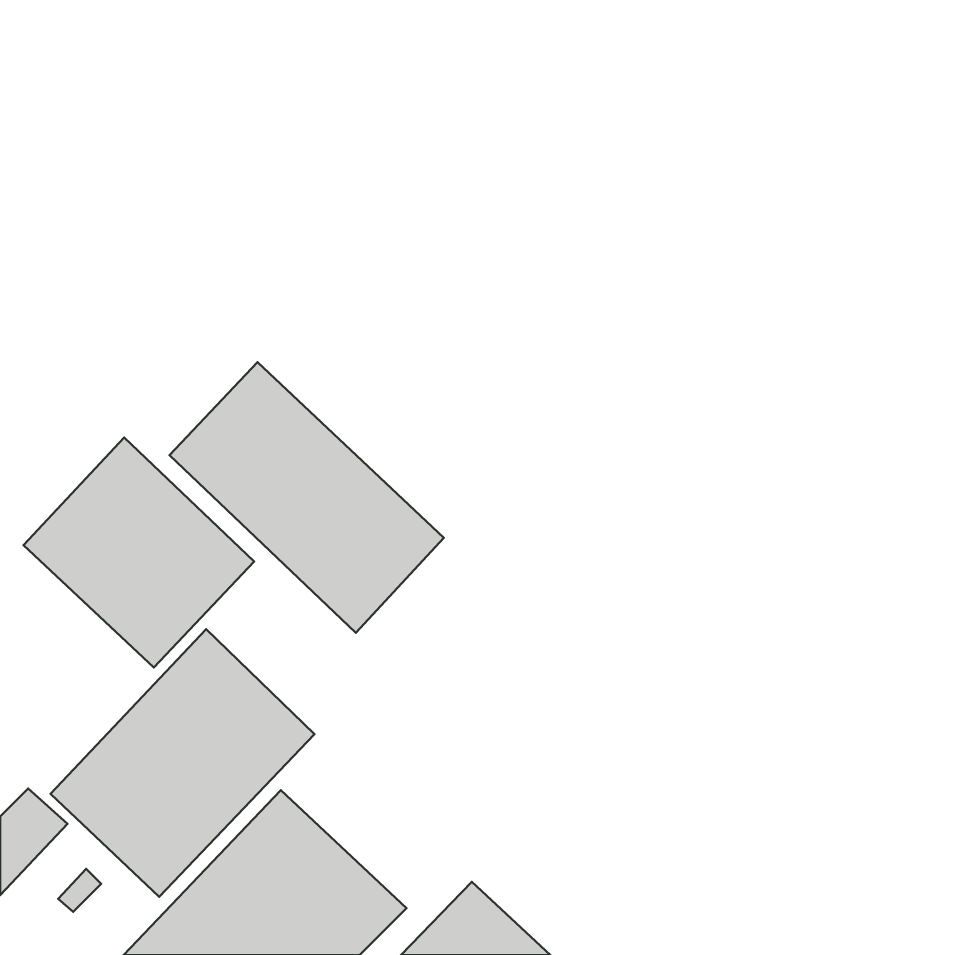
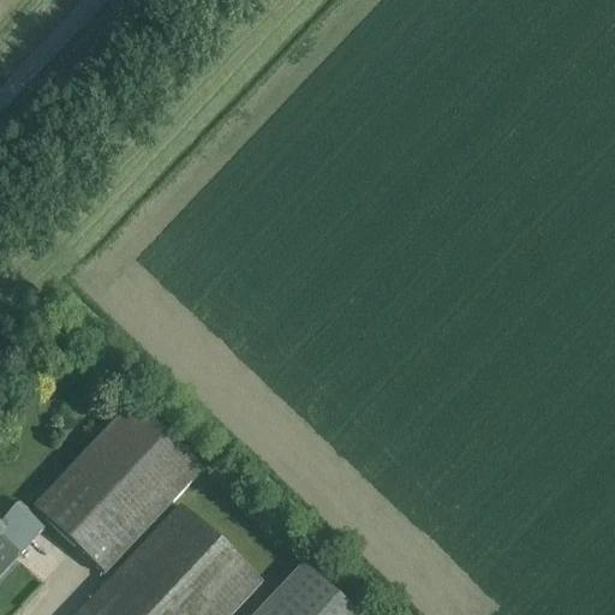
building: [169,362,444,633] -> none
building: [24,438,254,668] -> none

